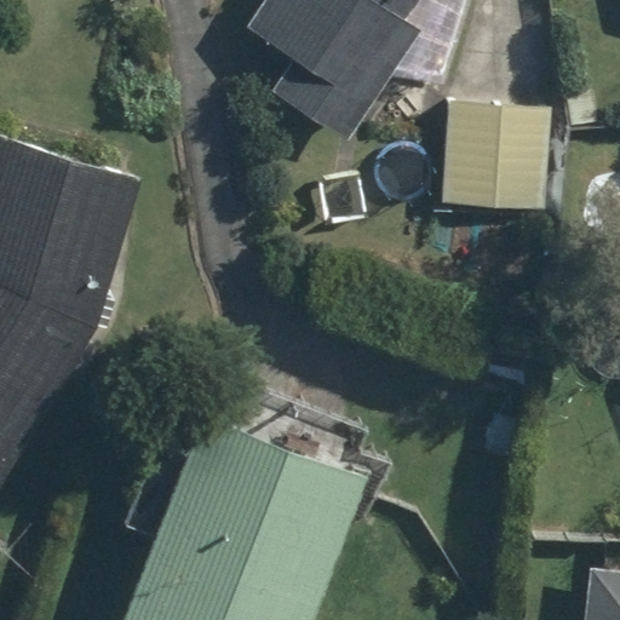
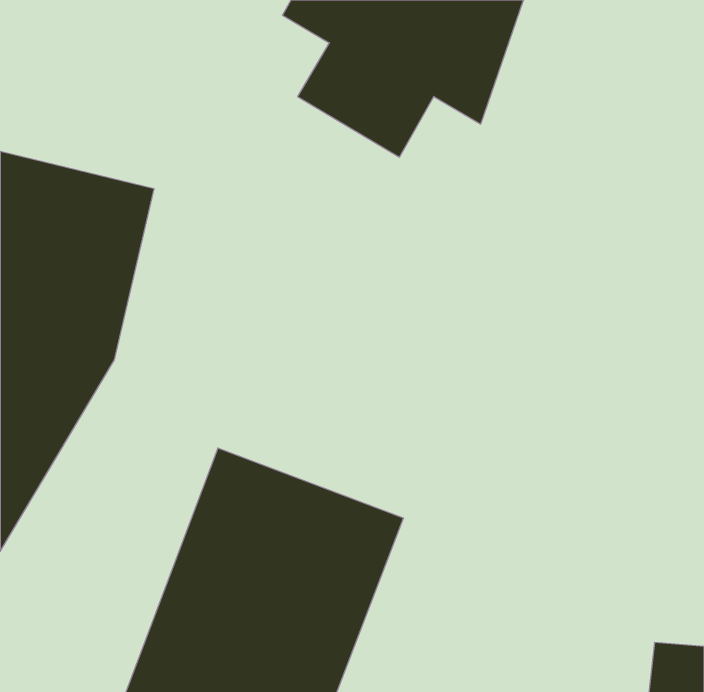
building: [440,93,546,207] -> none

